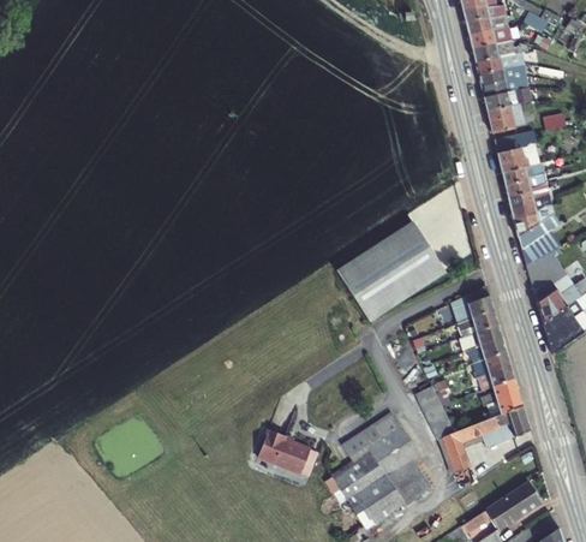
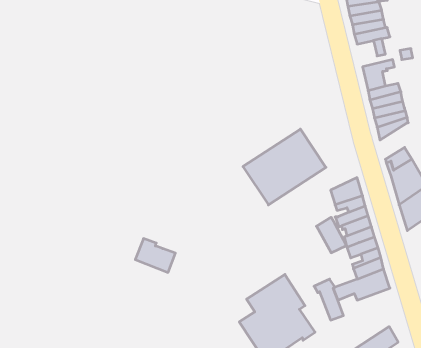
building: [488,106,515,135] -> none
building: [518,214,560,262] -> none
building: [412,382,452,429] -> [316,217,347,253]
building: [258,430,311,475] -> [135,239,175,272]

